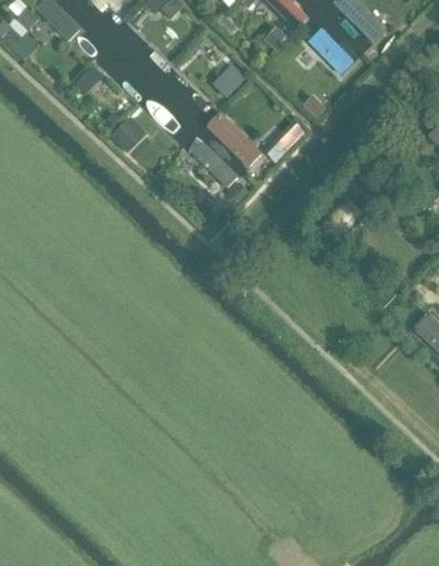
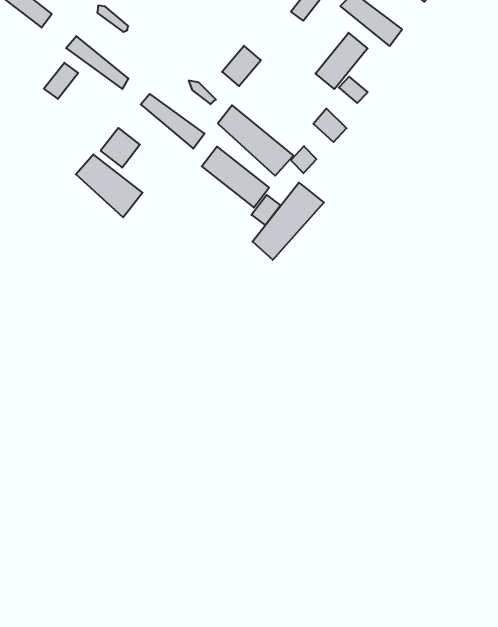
building: none -> [315,33,368,89]
building: none -> [76,154,143,217]
building: none -> [252,183,324,260]

